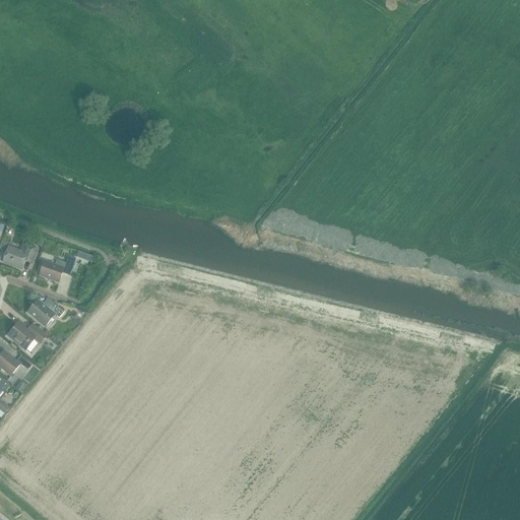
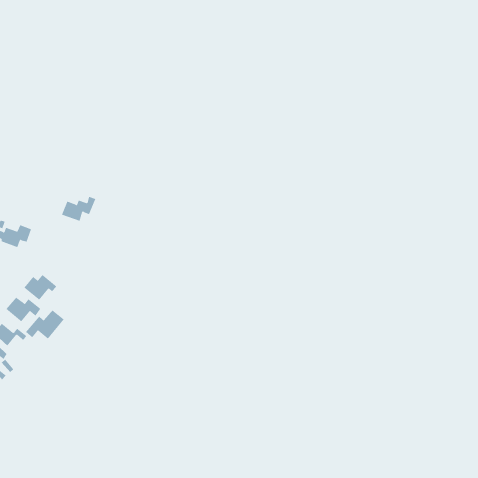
building: [37,254,74,281] -> [61,196,96,222]
building: none -> [25,309,65,339]

